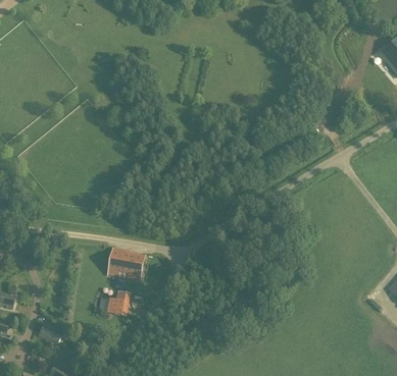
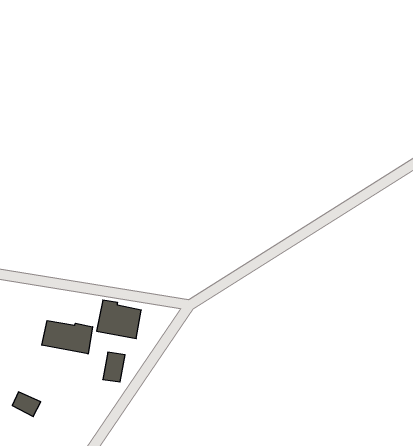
building: none -> [42,321,93,354]

